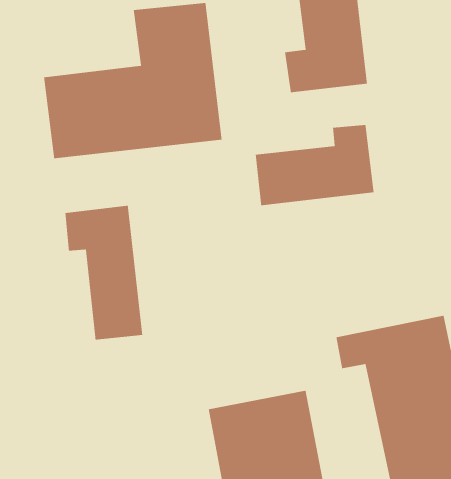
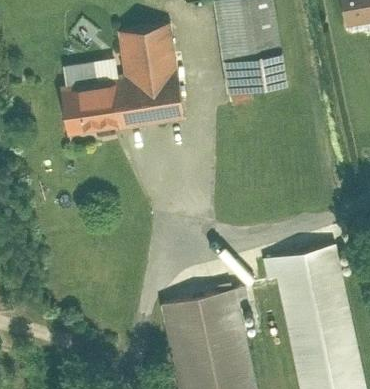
building: [255,124,375,206] -> none
building: [65,205,143,341] -> none

